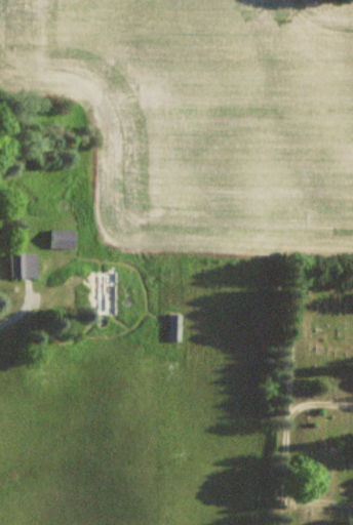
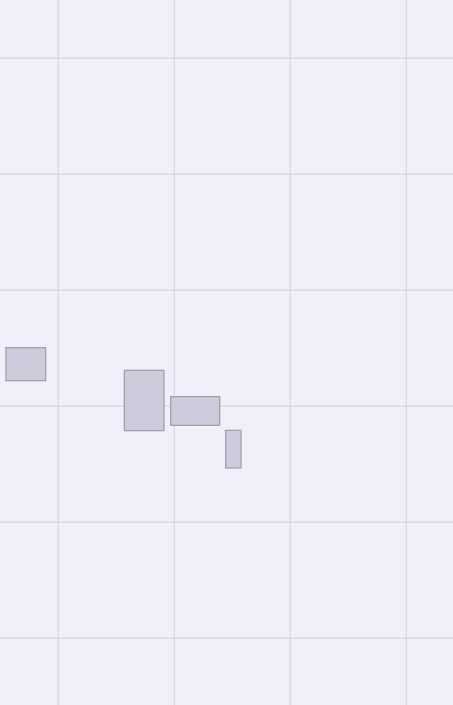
building: [50,231,77,248] -> none
building: none -> [171,396,219,425]

